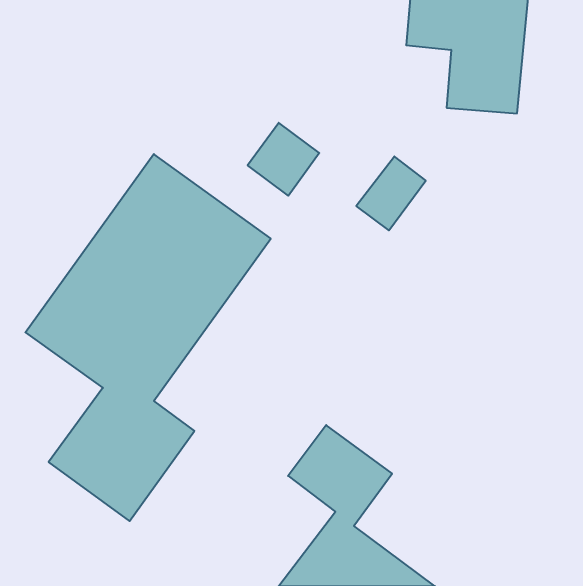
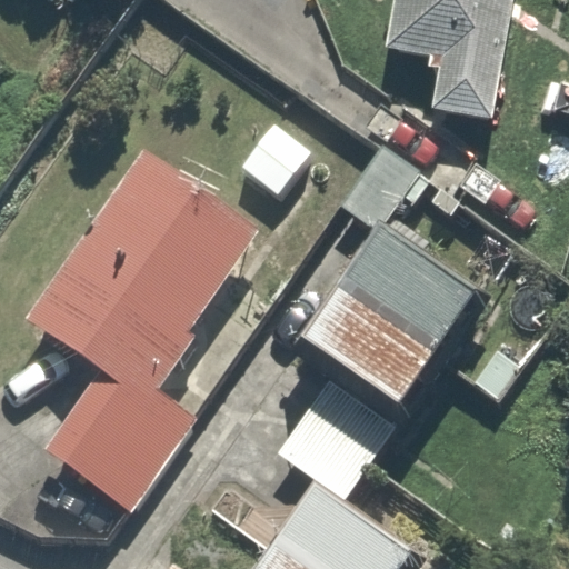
building: none -> [299,226,485,413]

